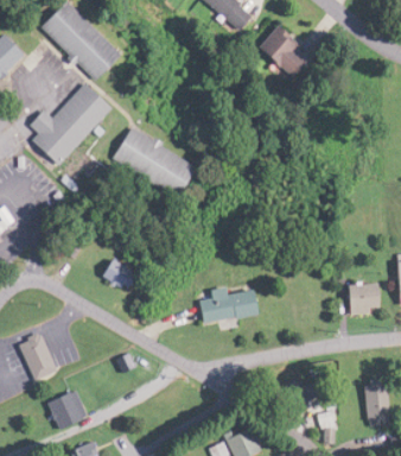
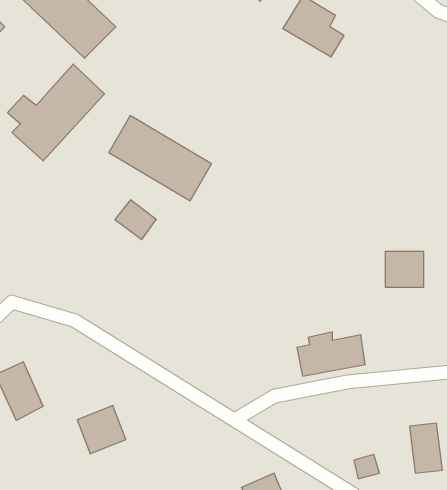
building: [102,256,136,290] -> [115,200,156,240]
building: [348,284,380,314] -> [385,251,424,287]
building: [199,286,256,323] -> [297,332,365,376]
building: [47,390,88,430] -> [77,405,126,454]

